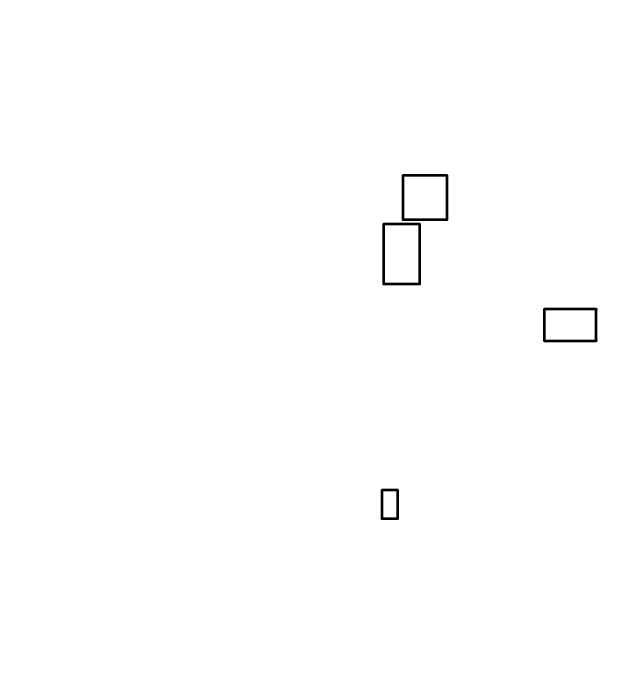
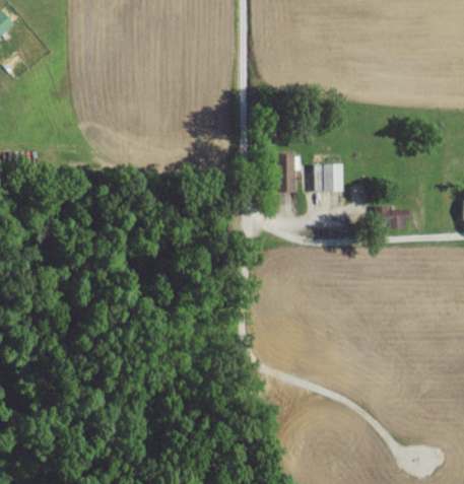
building: [403,176,447,220] -> [315,163,343,192]

